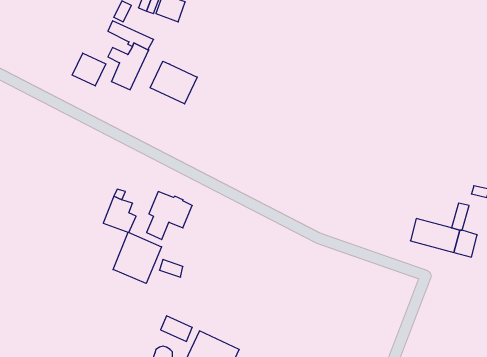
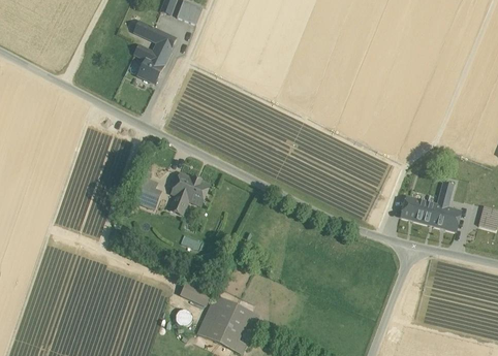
building: [72,53,106,86] -> none
building: [150,61,197,104] -> none
building: [113,232,162,283] -> none

